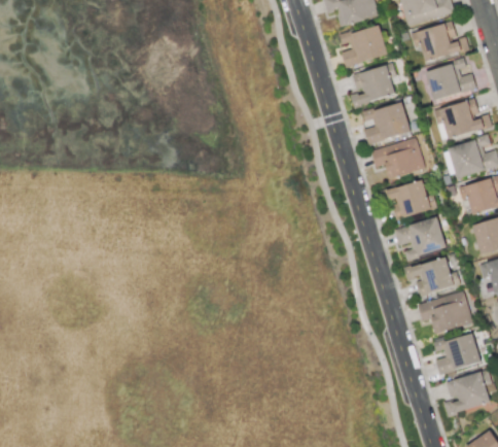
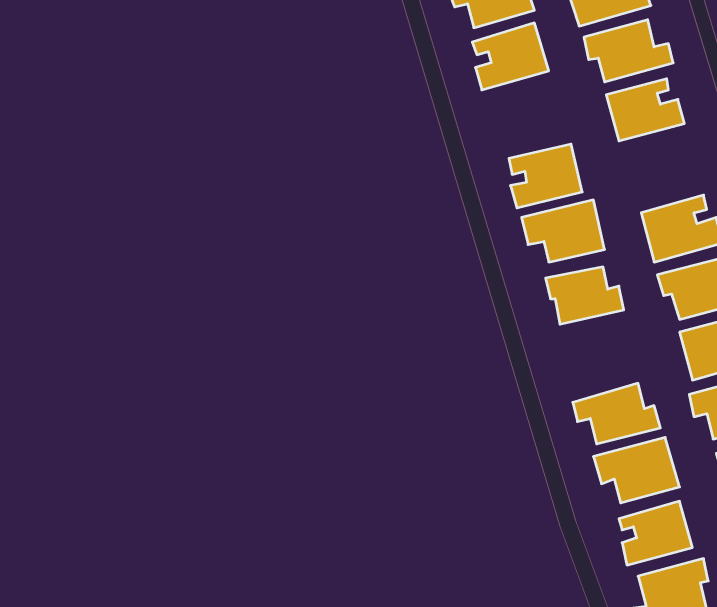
building: [350,64,397,106] -> none
building: [433,99,492,139] -> none
building: [393,217,446,260] -> none

